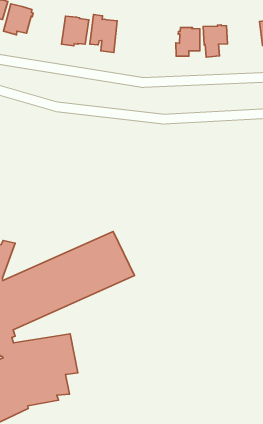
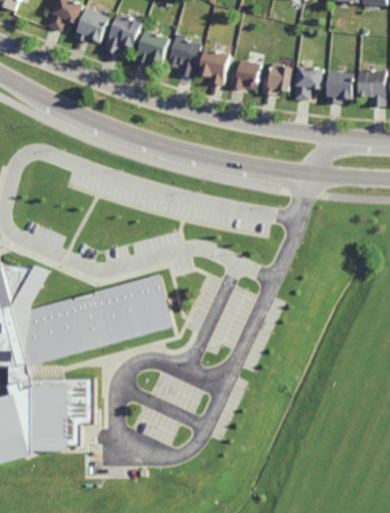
building: none -> [102,12,141,53]
building: none -> [197,47,229,85]
building: none -> [324,69,353,102]
building: none -> [228,59,258,88]

